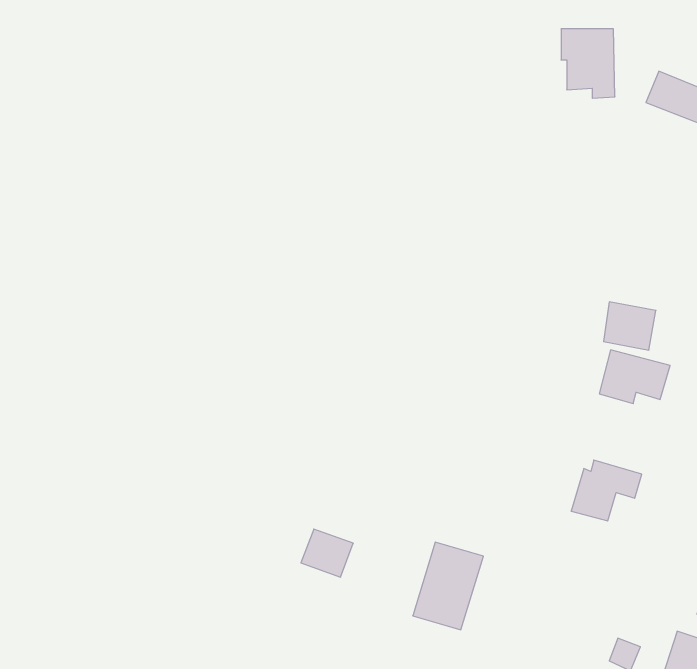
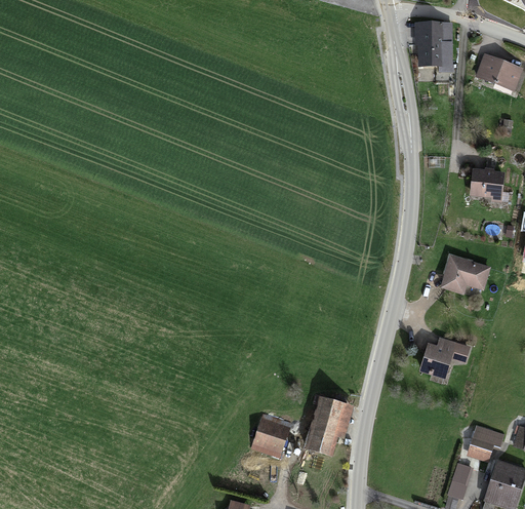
building: [604,302,656,350] -> [470,167,508,202]
building: [301,529,353,577] -> [252,418,290,453]
building: none -> [463,424,502,465]

